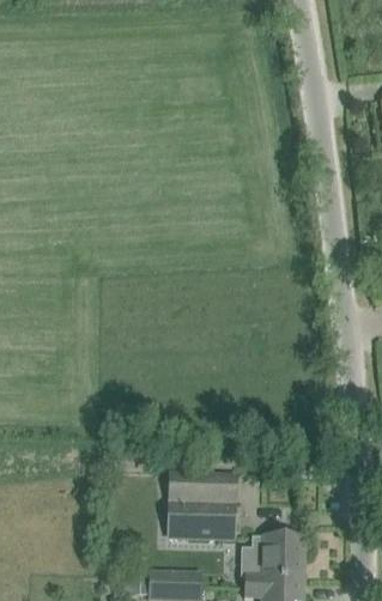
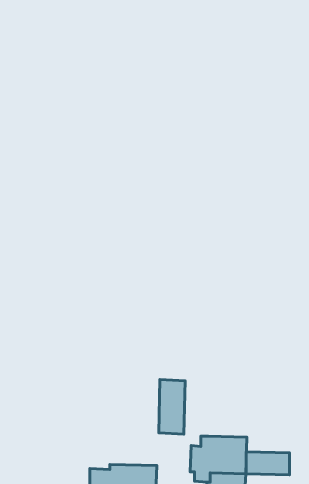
building: [166,472,206,534] -> none
building: none -> [246,452,289,475]

